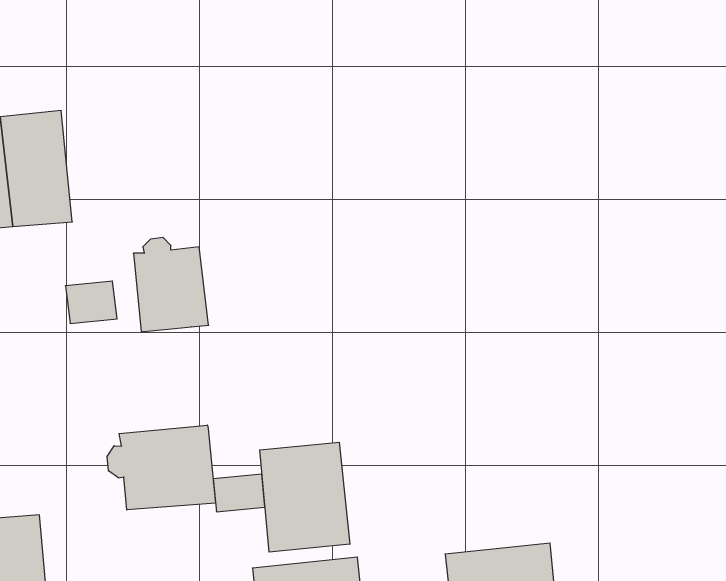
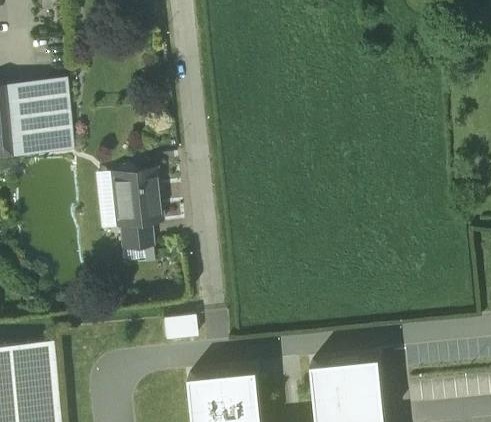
building: [65,281,117,323] -> [118,222,151,249]
building: [107,425,216,510] -> none
building: [260,442,350,552] -> none

